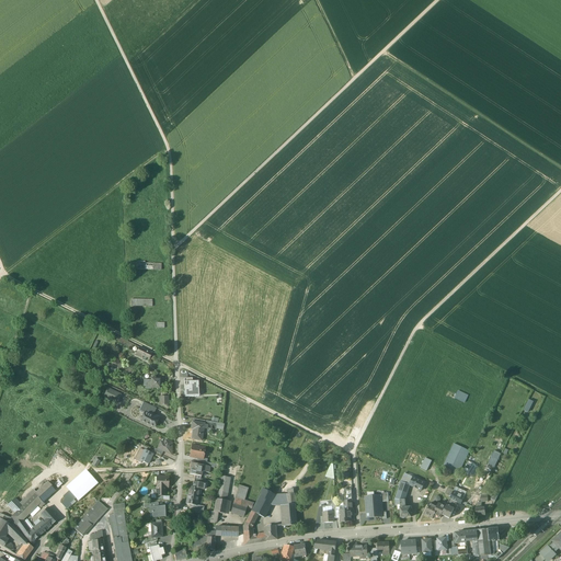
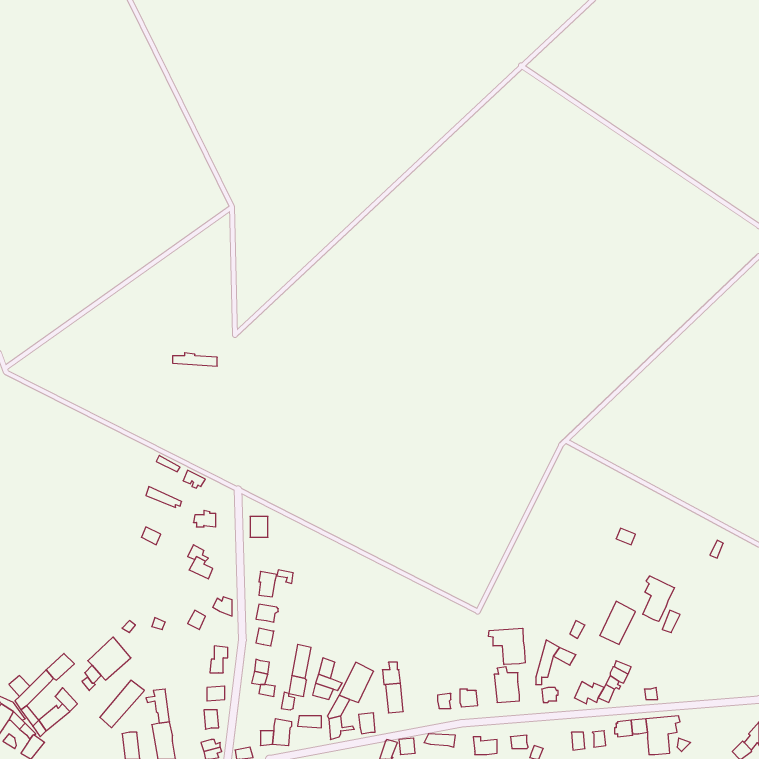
building: none -> [643,576,675,621]
building: none -> [488,628,525,665]

